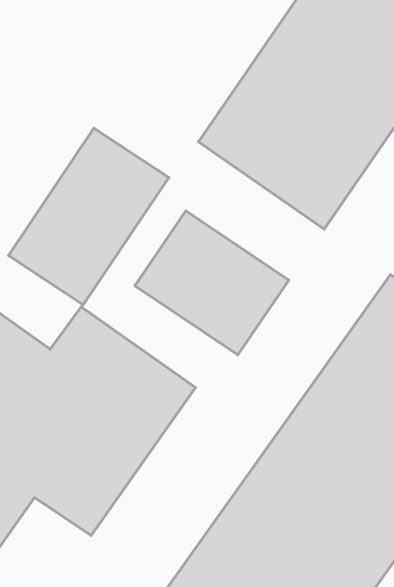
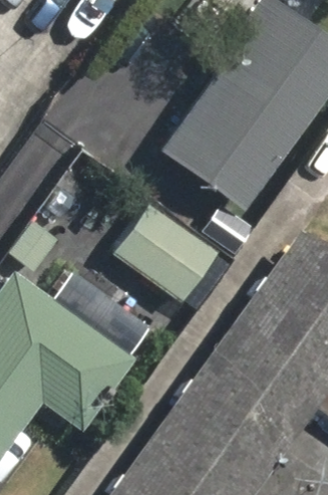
building: [8,128,169,305] -> none

